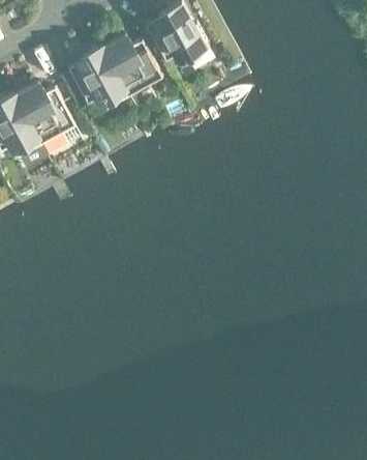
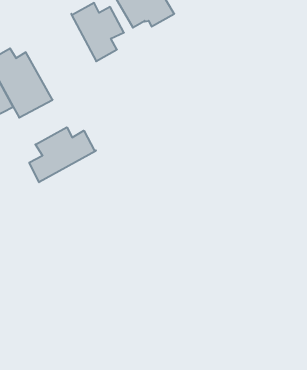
building: [61,49,128,109] -> none
building: none -> [29,127,96,182]

